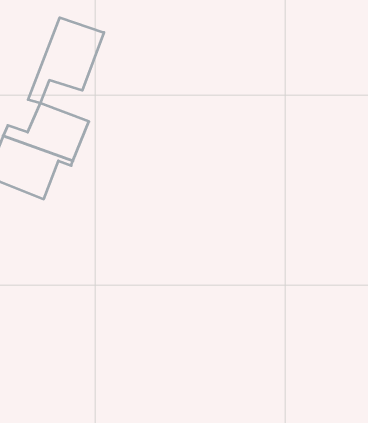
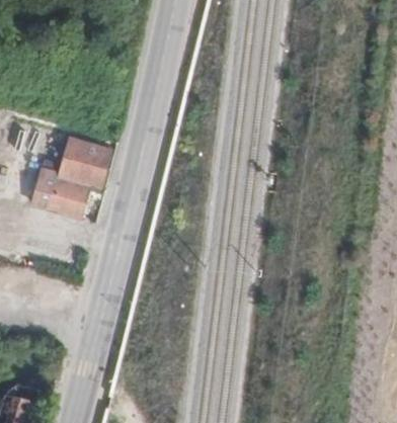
building: [28,18,104,103] -> none

